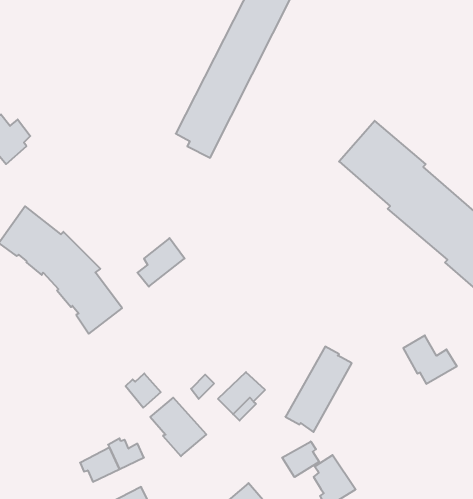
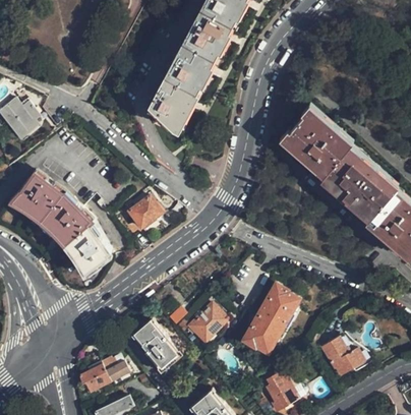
building: [403,335,457,384] -> [319,338,362,376]
building: [126,373,161,408] -> none
building: [282,441,319,477] -> none

